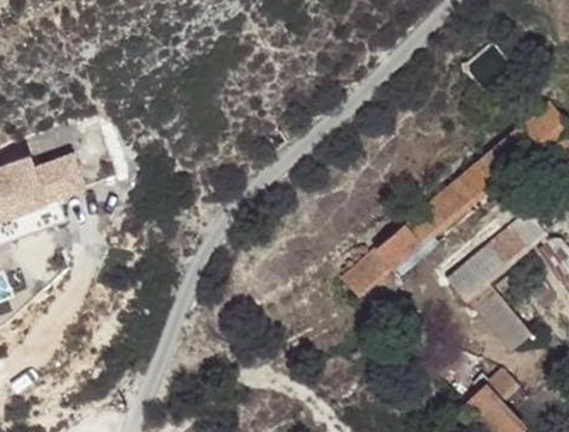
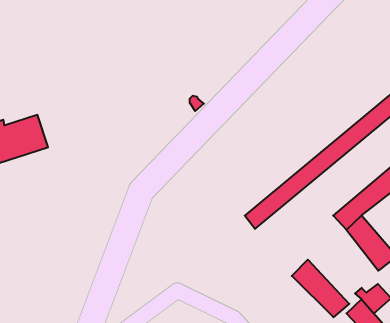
building: none -> [292,260,349,317]

